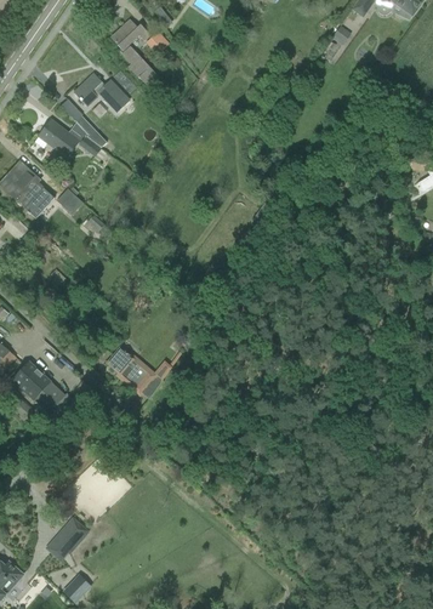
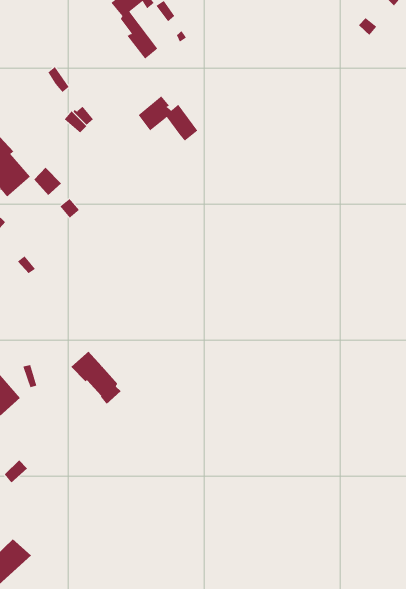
building: [74,73,129,112] -> [138,95,198,142]
building: [34,119,78,155] -> none

